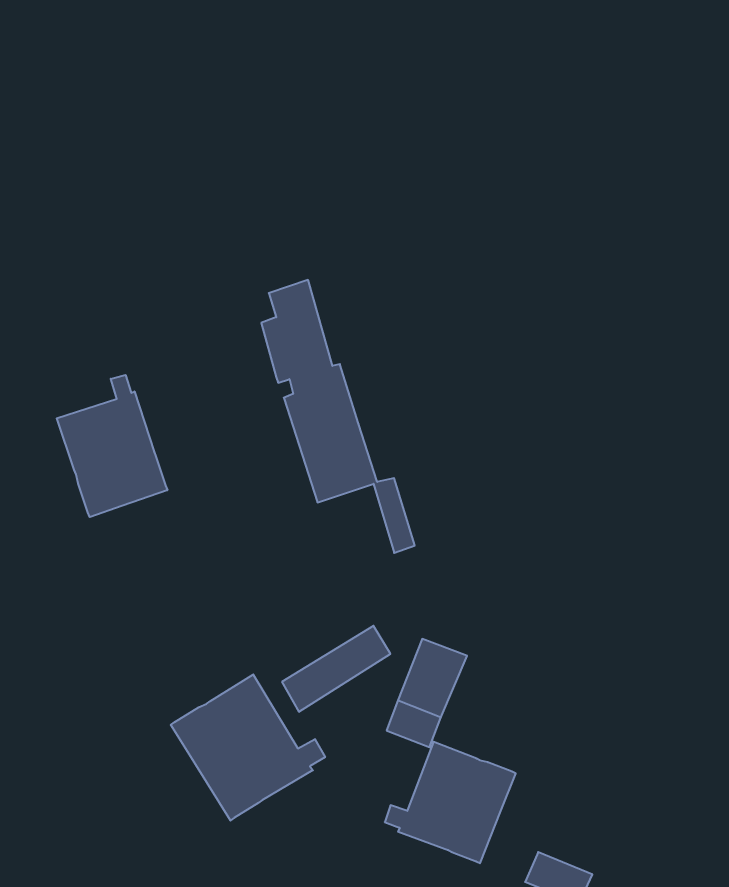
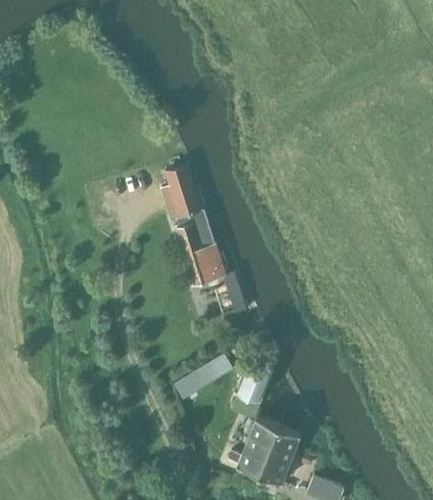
building: [57,375,167,517] -> none
building: [171,674,325,821] -> none

